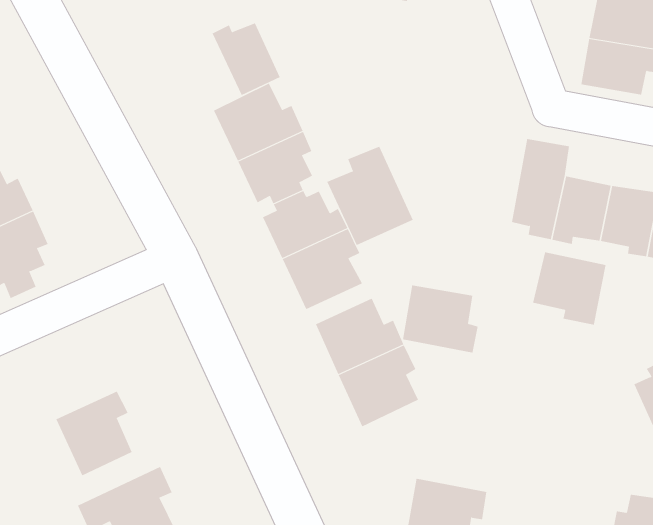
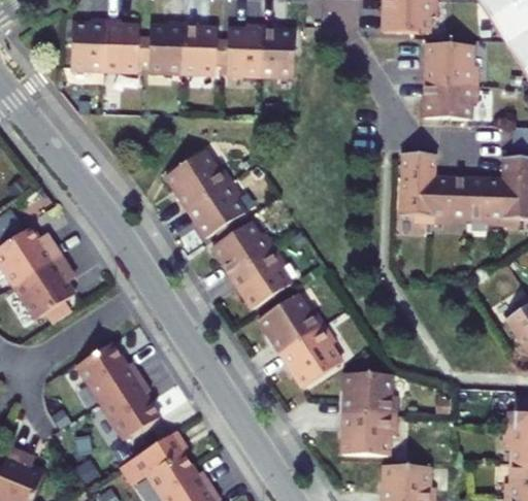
building: [212,23,281,96] -> none
building: [327,146,414,246] -> none
building: [533,251,606,326] -> none
building: [402,285,479,353] -> [352,376,405,419]
building: none -> [63,354,128,412]

